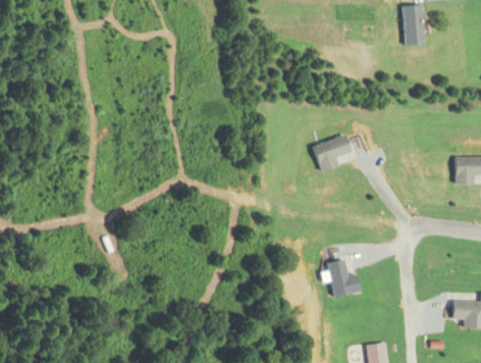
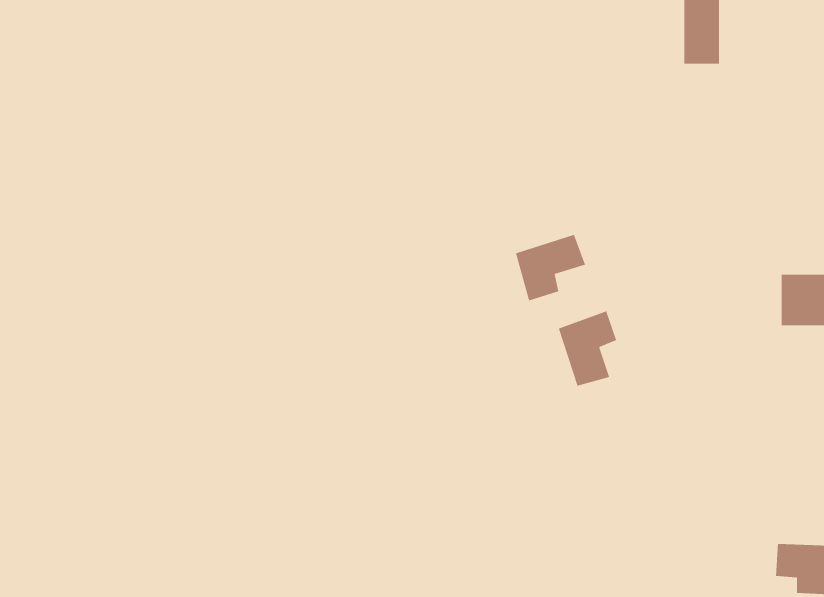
building: none -> [558,310,617,387]
building: [329,258,360,297] -> none

